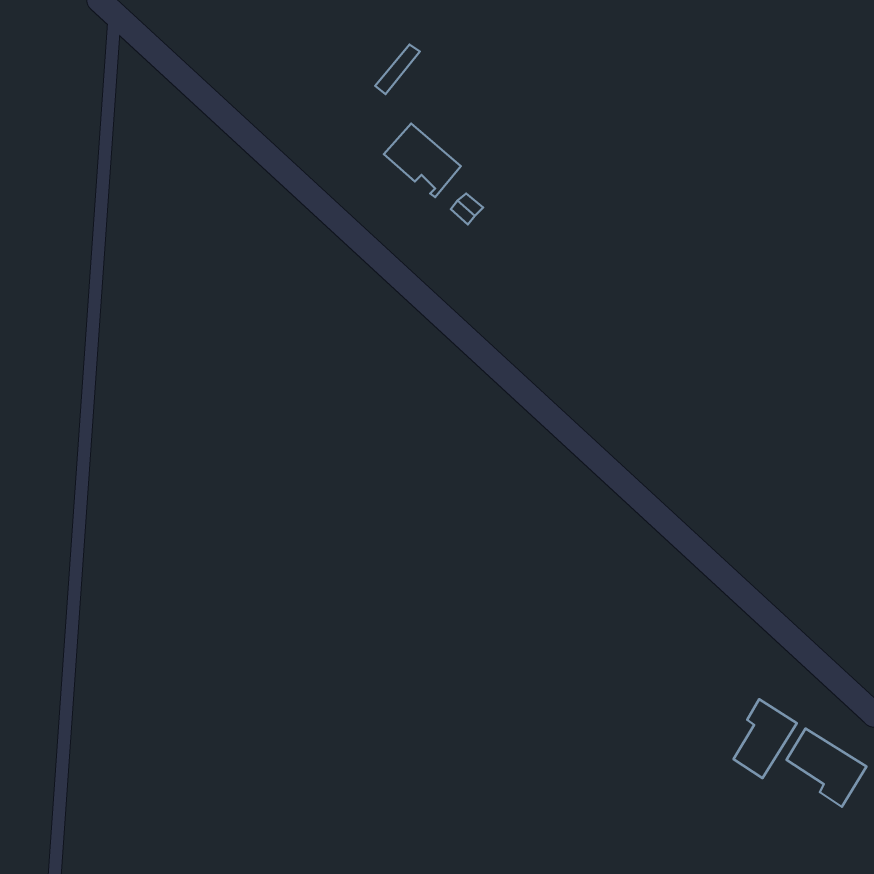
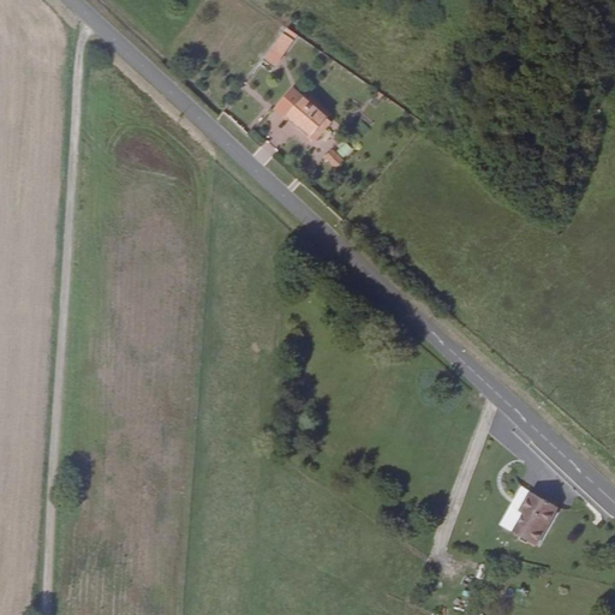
building: [787,728,866,807] -> none

